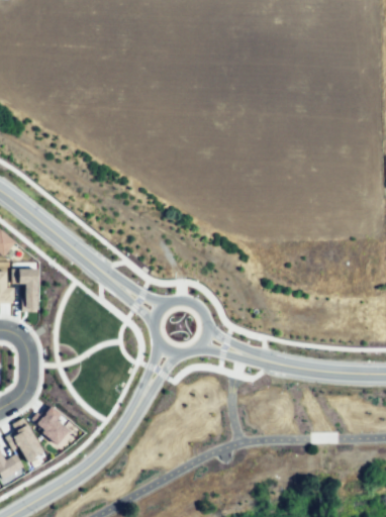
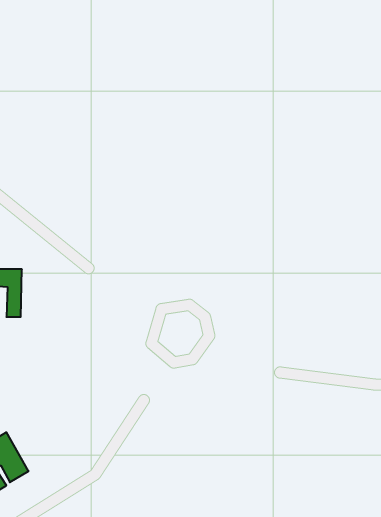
building: [35,405,72,445] -> none

